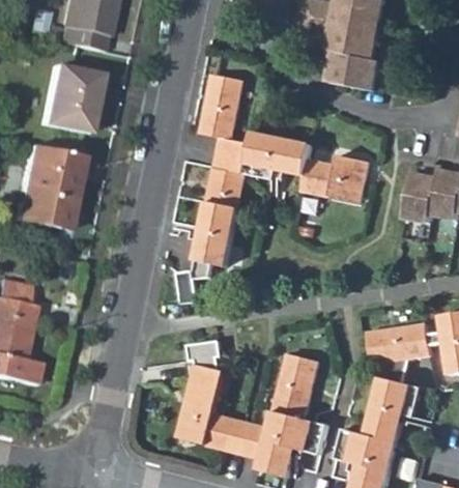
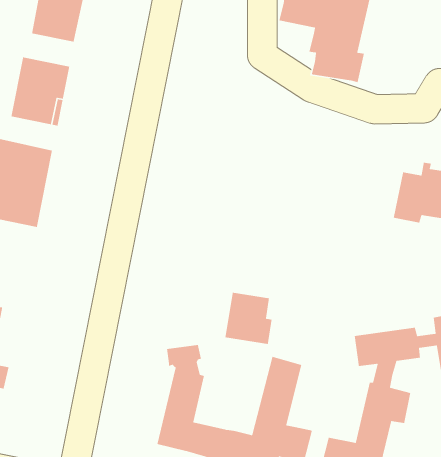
building: [178,73,370,303] -> none
building: none -> [225,292,273,345]

